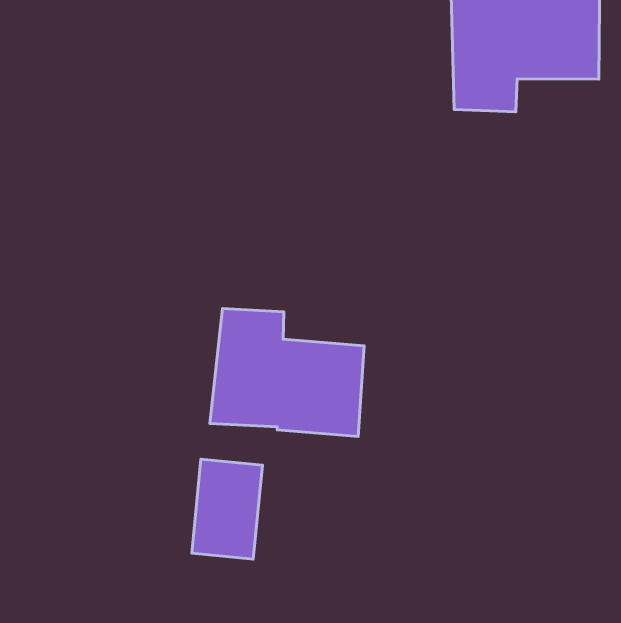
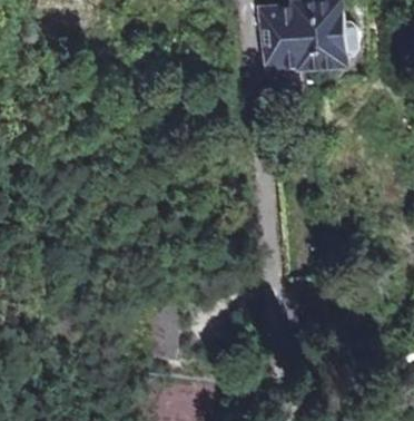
building: [210,309,364,437] -> none

